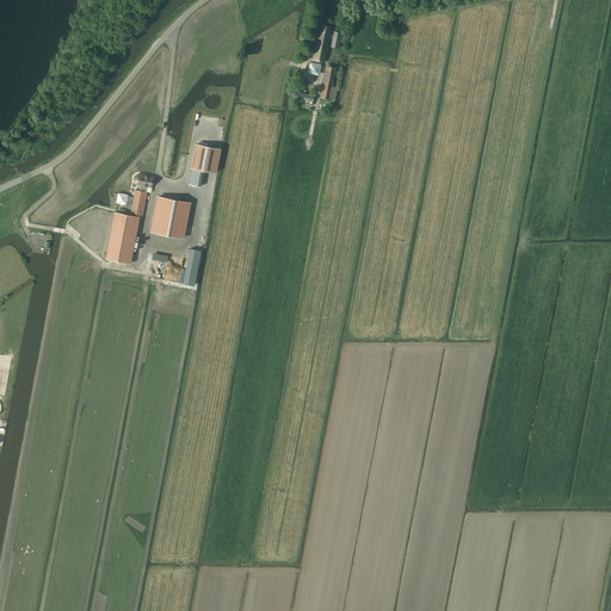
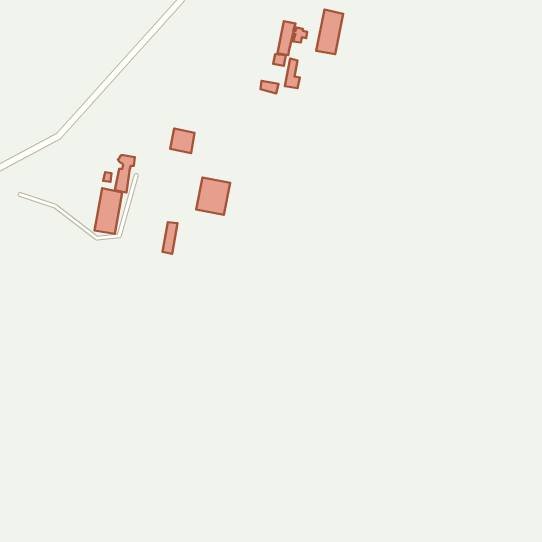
building: none -> [316,10,343,54]
building: [150,197,189,239] -> [196,178,230,215]

